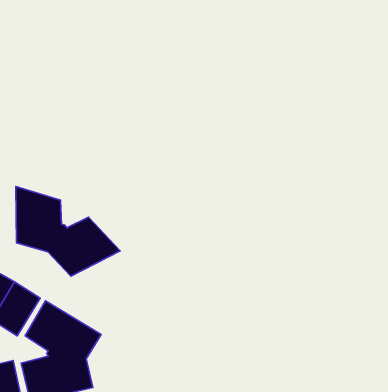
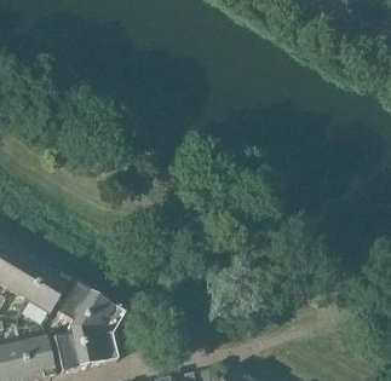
building: [16,187,120,276] -> none

